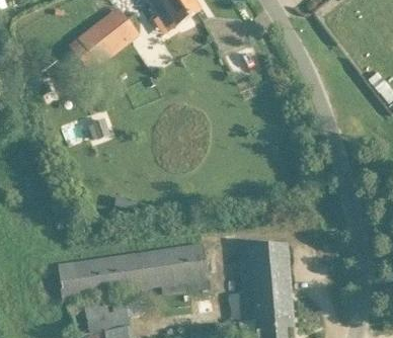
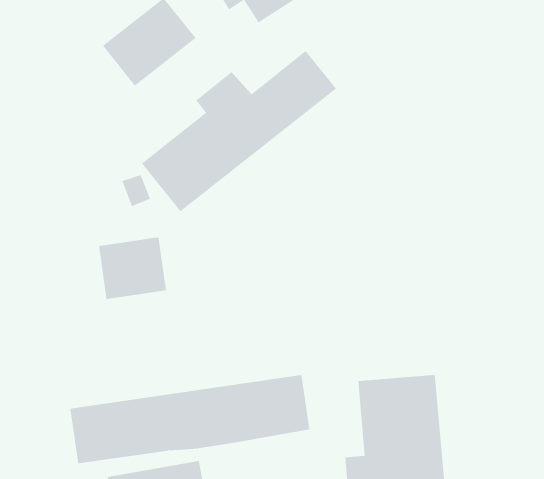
building: none -> [141,50,337,212]
building: none -> [98,237,167,300]

